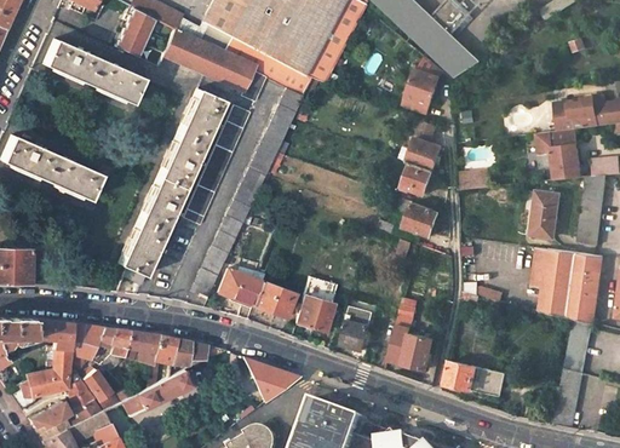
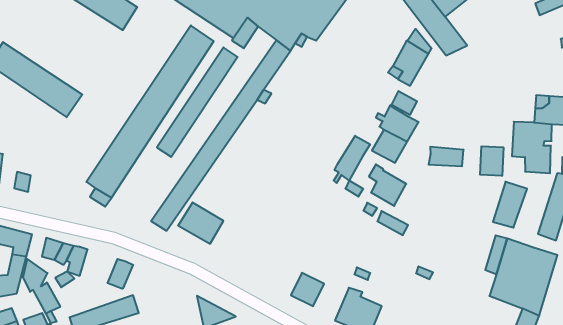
building: none -> [480,146,503,176]
building: none -> [334,136,370,183]
building: [297,276,338,333] -> none
building: [251,278,293,316] -> none
building: [69,323,97,360] -> none
building: [125,329,160,363] -> none
building: [171,338,206,362] -> none
building: [64,368,93,410] -> none

